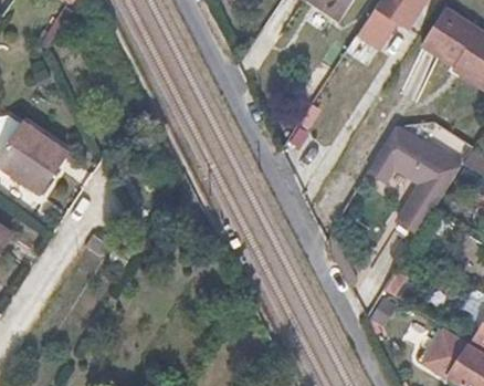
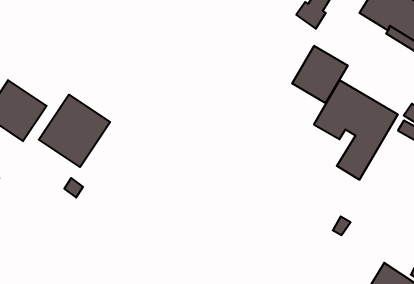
building: none -> [292,46,348,103]
building: none -> [39,95,110,167]

